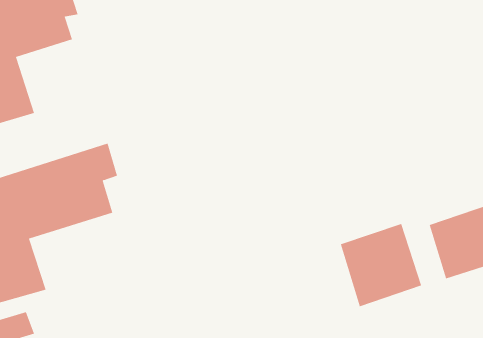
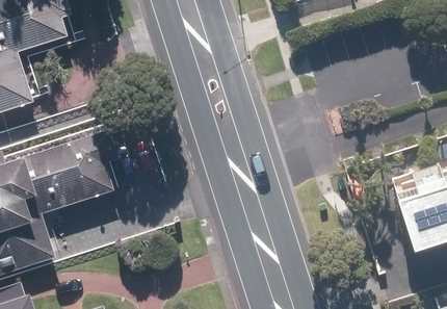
building: [340,223,422,307] -> none

